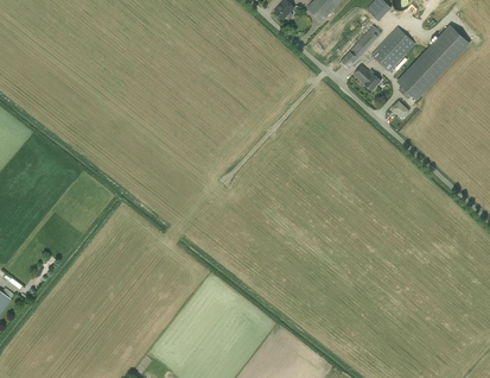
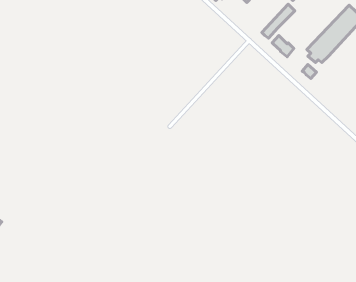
building: [371,26,415,71] -> none

